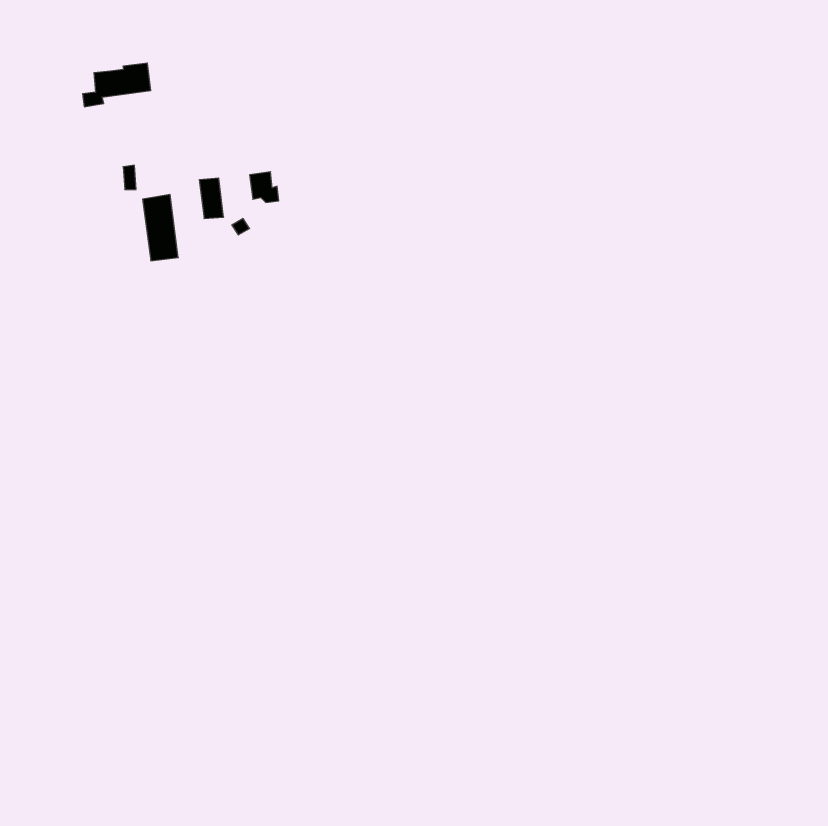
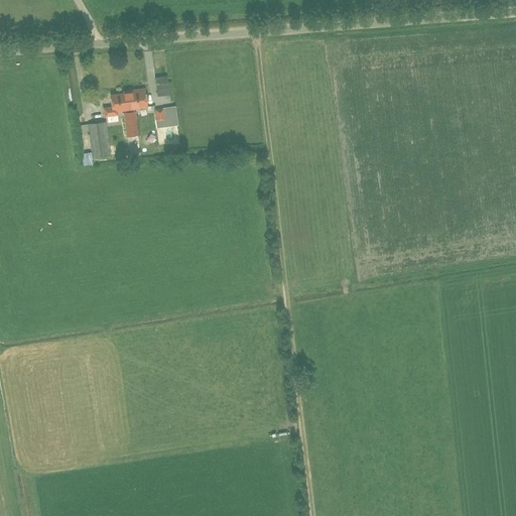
building: [83,63,151,107] -> [104,89,146,116]

